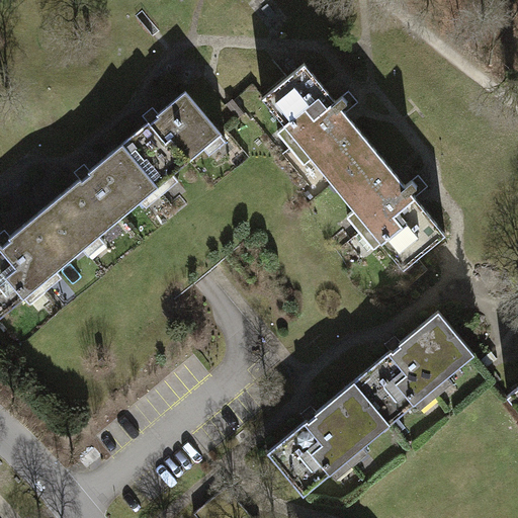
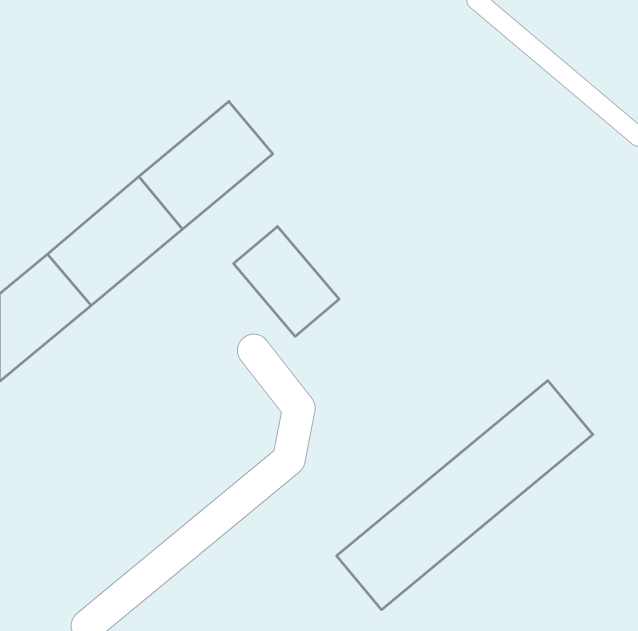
building: [266,76,442,270] -> none
building: none -> [234,226,339,336]

